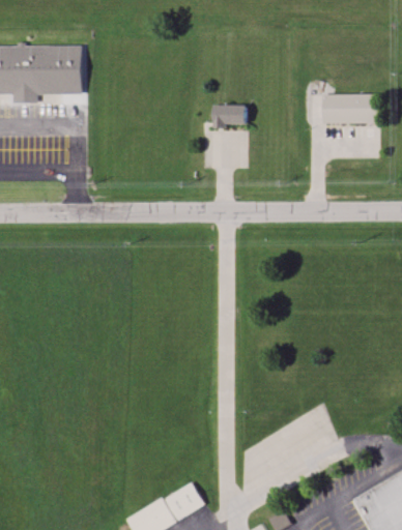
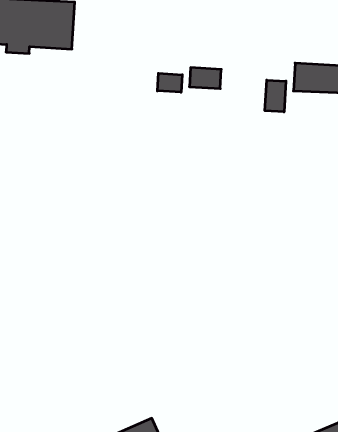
building: none -> [157,73,182,92]
building: none -> [265,80,286,112]

